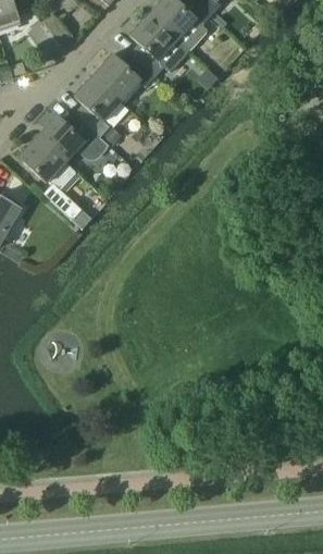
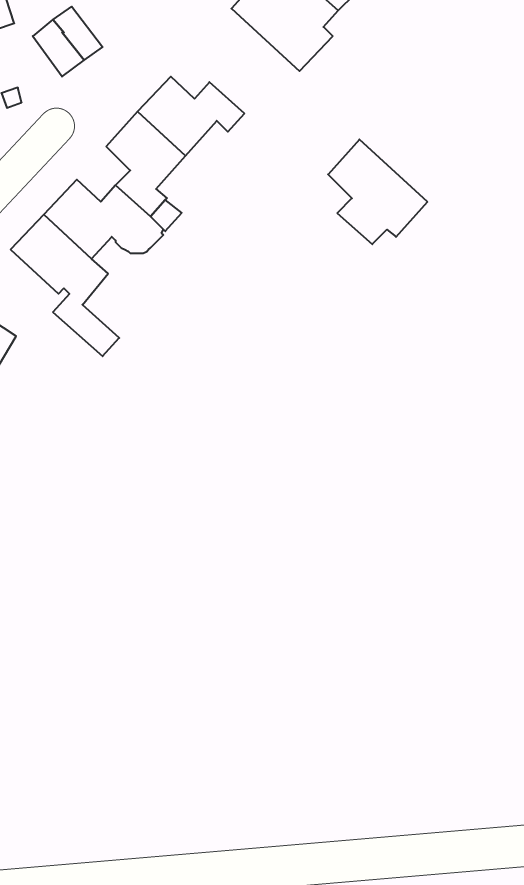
building: [129,14,188,76] -> [328,139,427,244]

